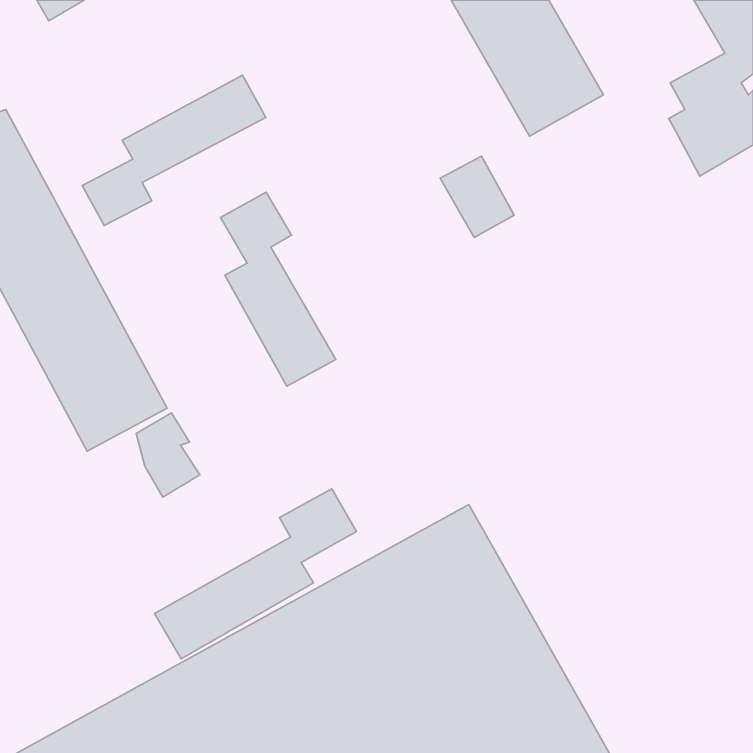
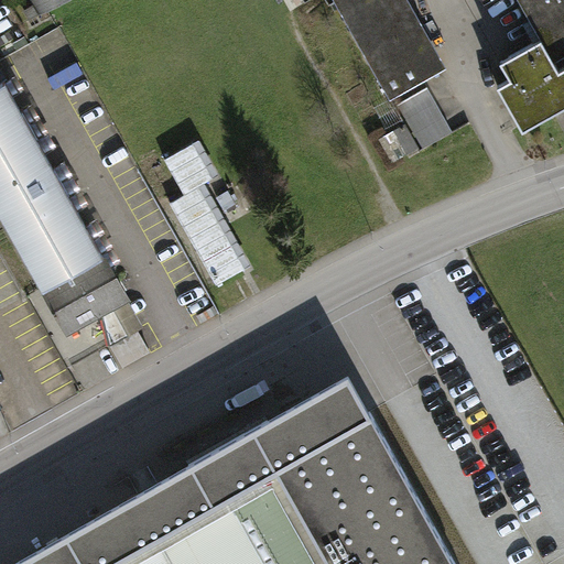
building: [82,75,266,225] -> none
building: [440,156,514,237] -> [400,85,455,145]
building: [154,489,357,659] -> none

